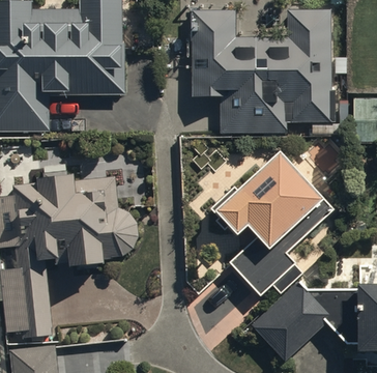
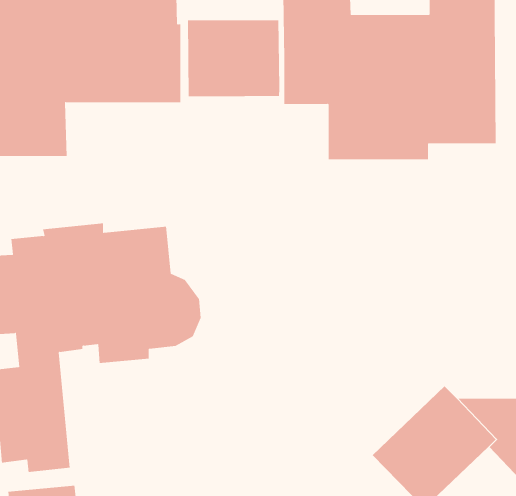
building: none -> [188,20,280,97]
building: [215,150,332,294] -> none

